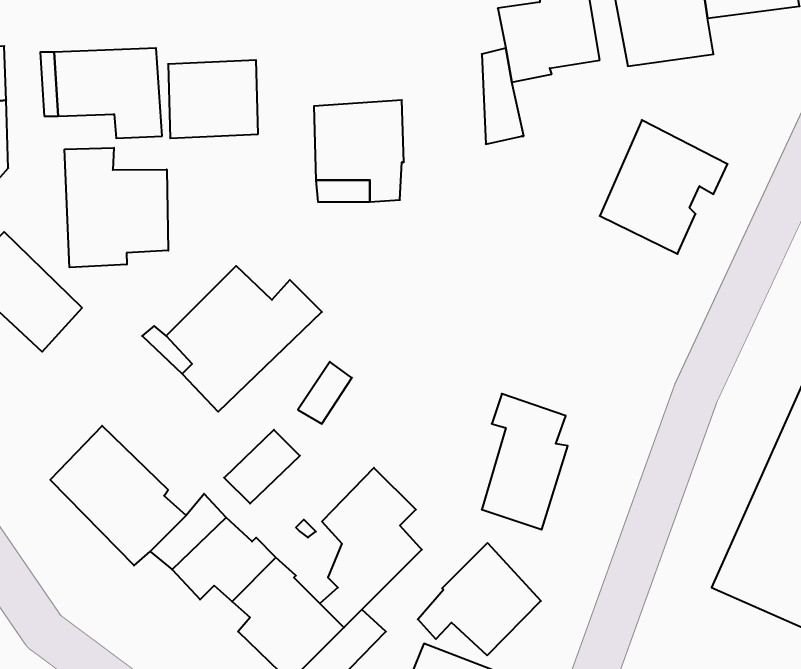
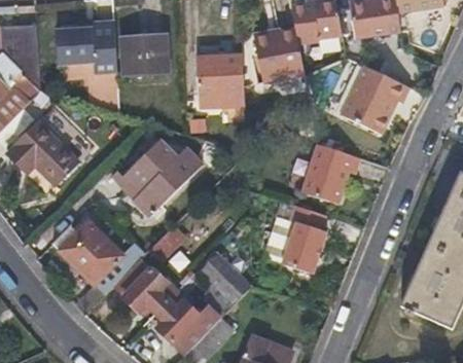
building: none -> [253,31,284,82]
building: [65,148,168,267] -> none
building: none -> [302,143,359,202]
building: [418,543,541,655] -> none

